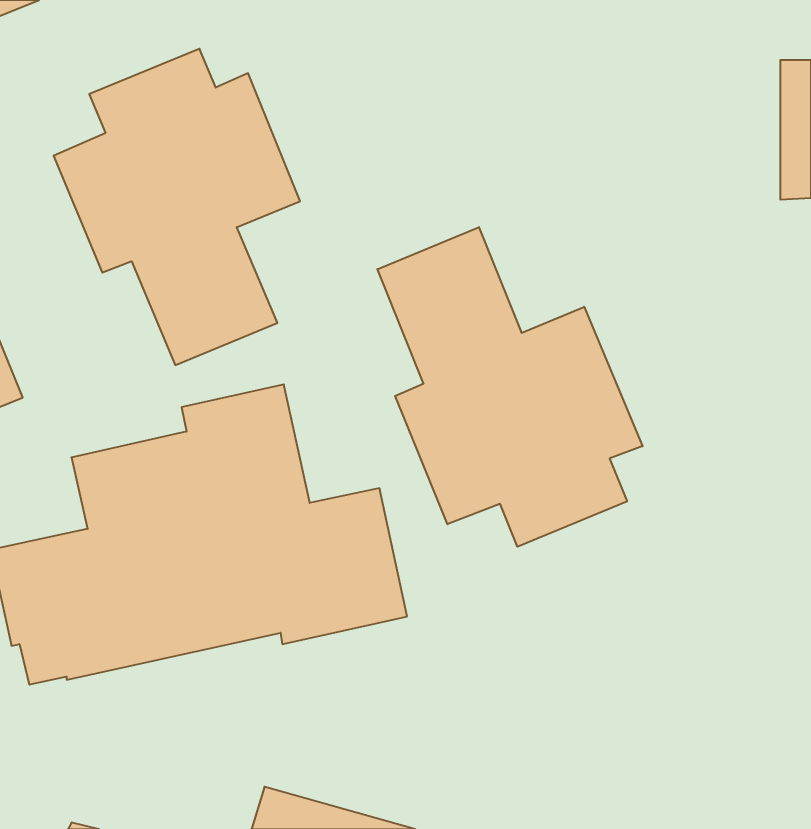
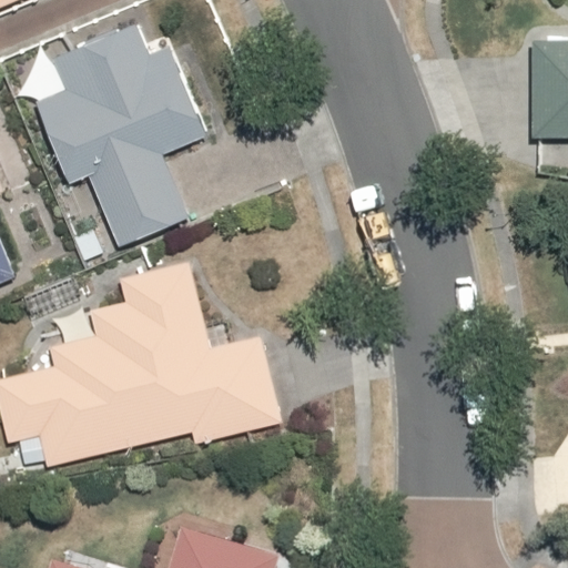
building: [377,227,643,547] -> none

